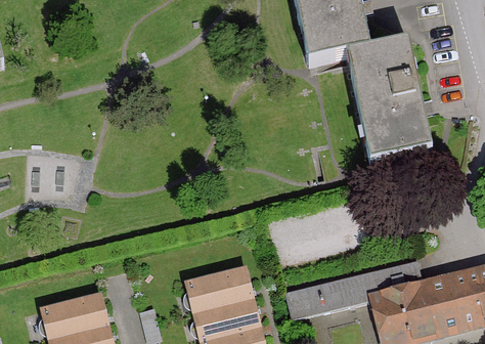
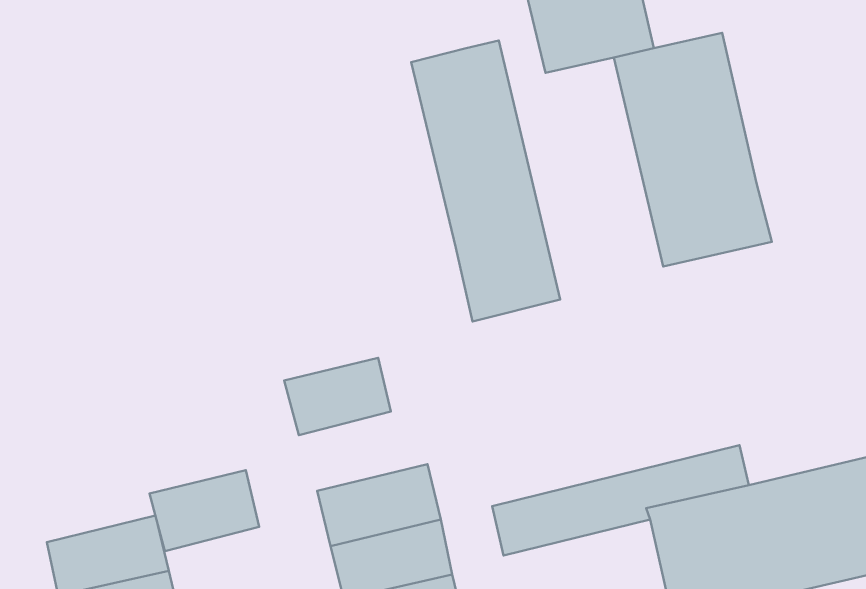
building: none -> [411,40,560,321]
building: none -> [284,358,391,435]
building: none -> [149,470,259,551]

